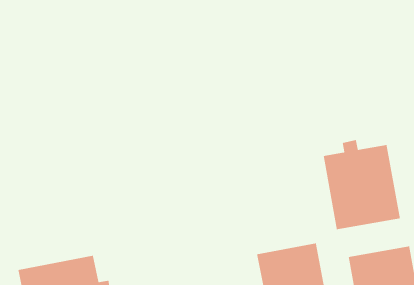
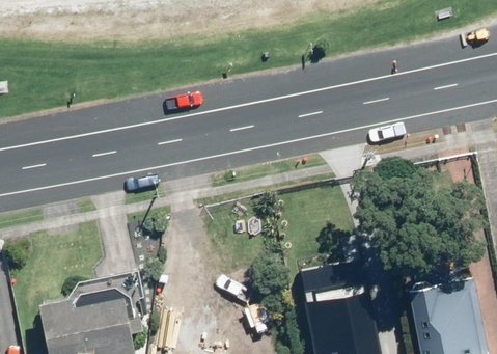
building: [323,139,401,230] -> none

